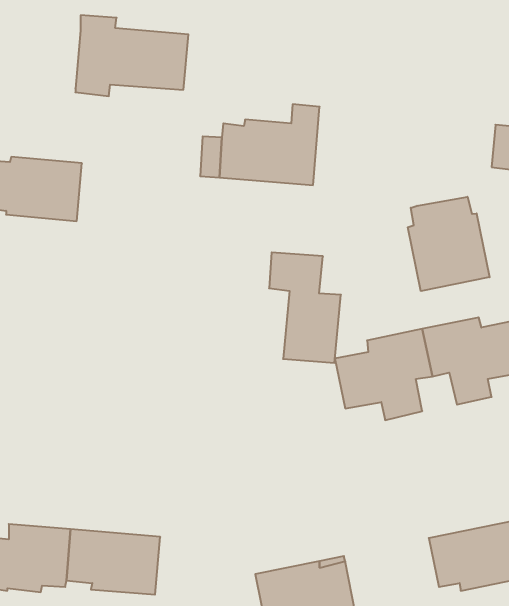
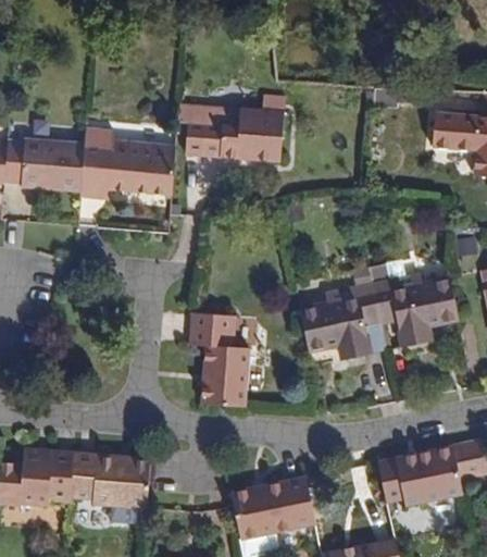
building: [75,15,188,96] -> [80,131,176,199]
building: [408,197,490,291] -> none
building: [269,252,341,363] -> [189,313,250,407]

